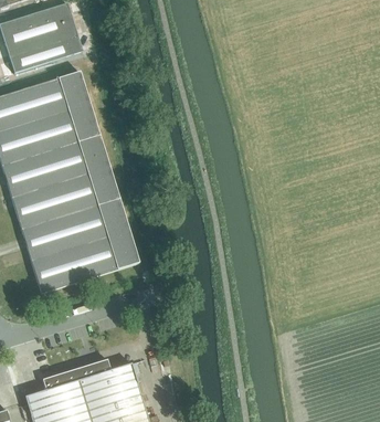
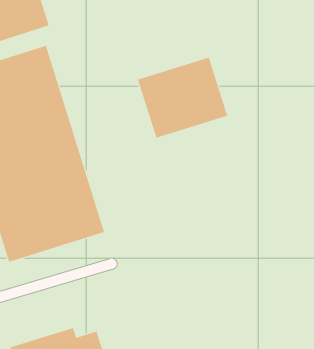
building: none -> [137,57,228,138]

